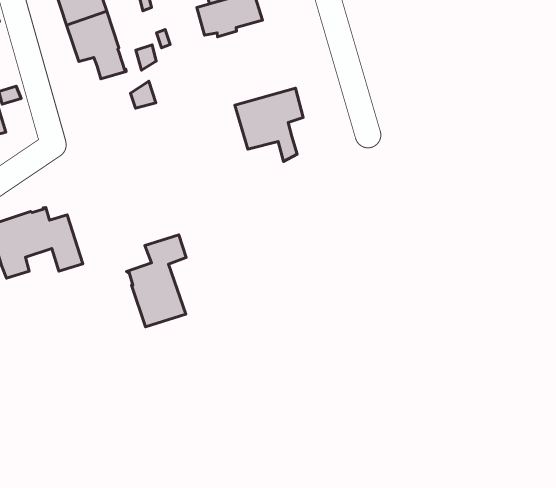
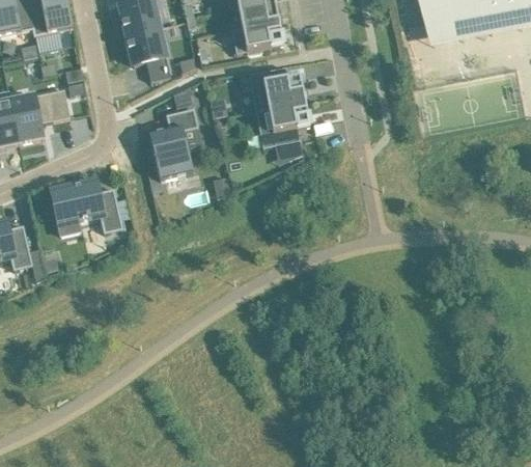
building: none -> [249,67,306,112]
building: [126,235,186,327] -> [149,109,198,181]

